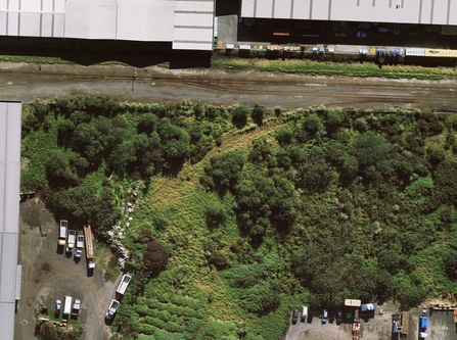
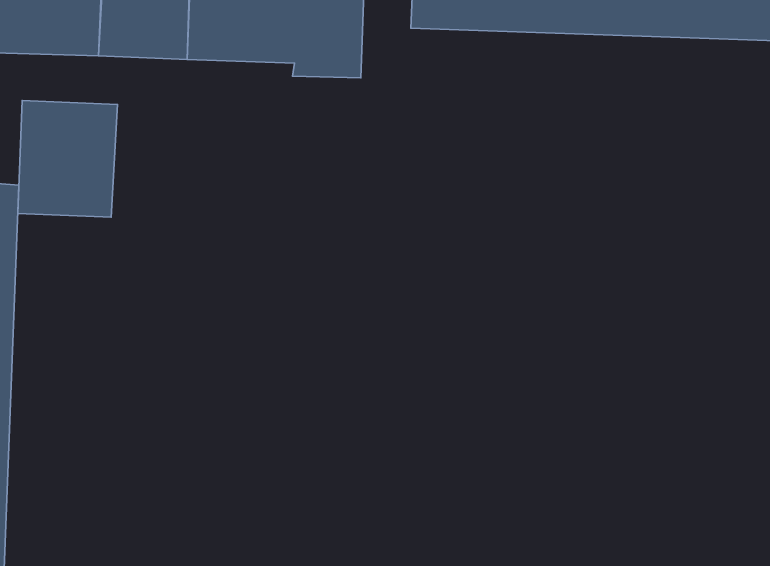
building: none -> [18,100,118,217]

